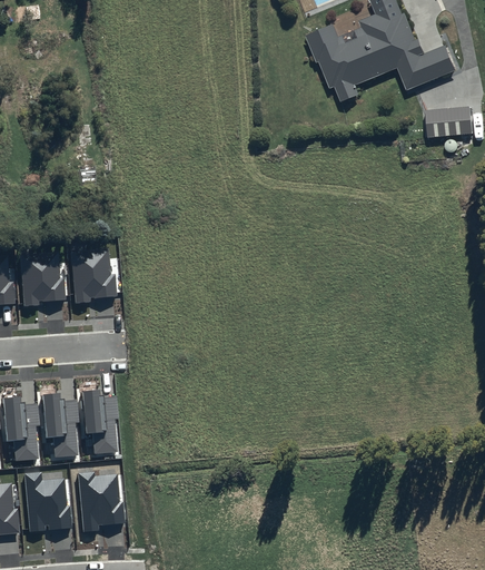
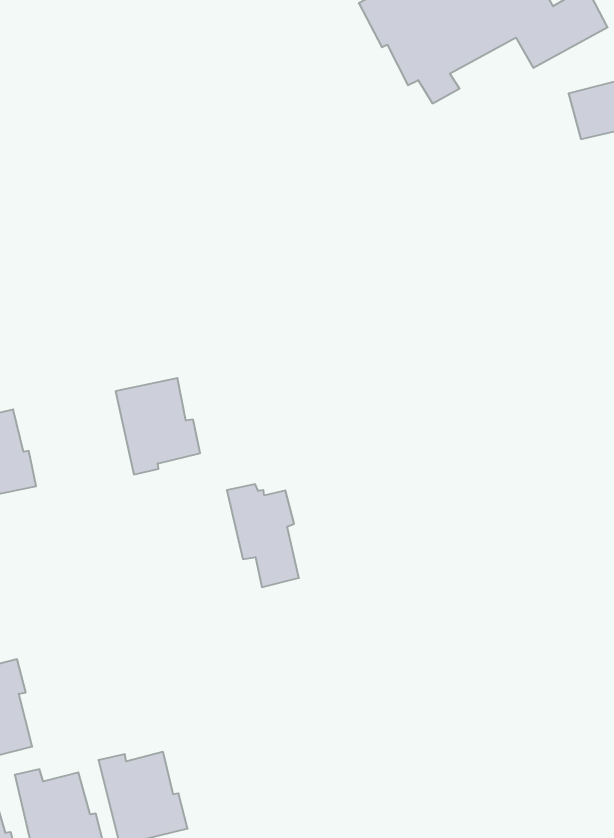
building: [70,247,116,302] -> [116,378,200,474]
building: [81,389,119,452] -> [227,484,299,587]
building: [41,392,79,456] -> none

